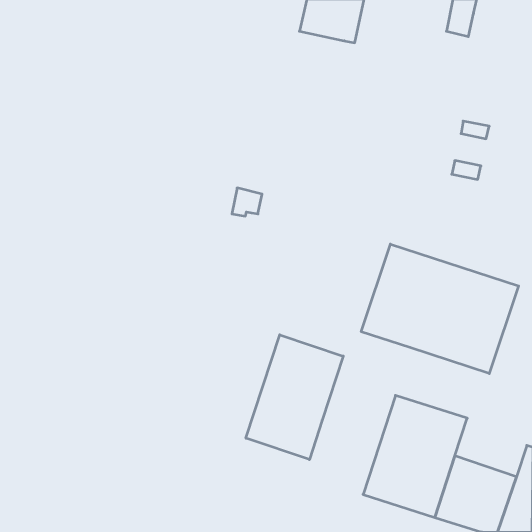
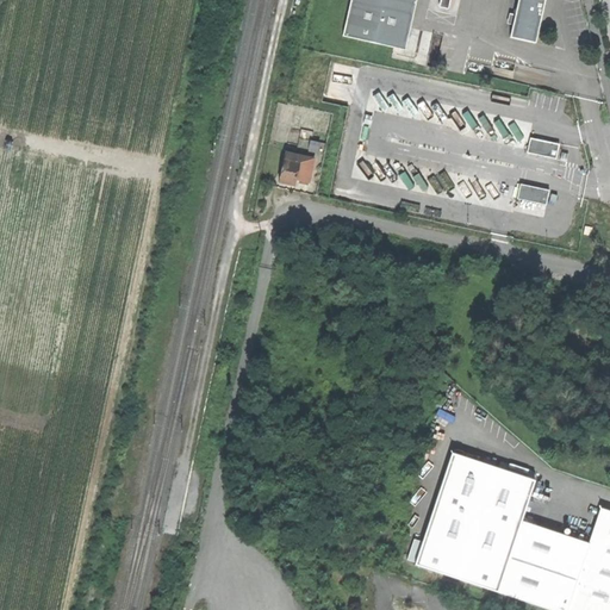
building: [232,188,262,216] -> [280,151,315,183]
building: [361,244,519,374] -> none
building: [246,335,343,460] -> none

